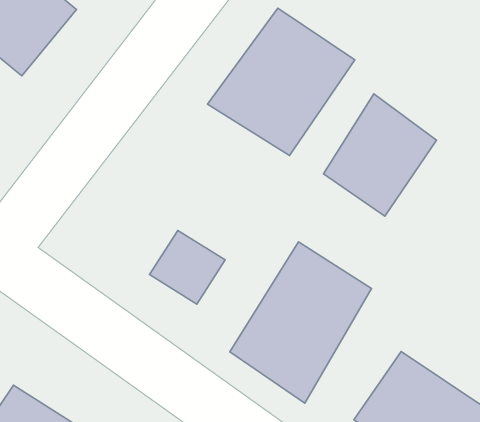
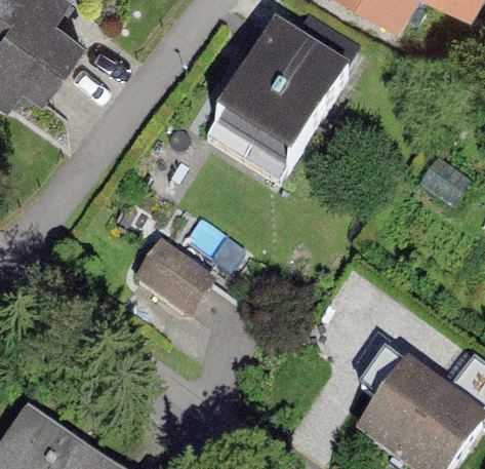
building: [323,94,437,216] -> none
building: [230,242,372,403] -> none

